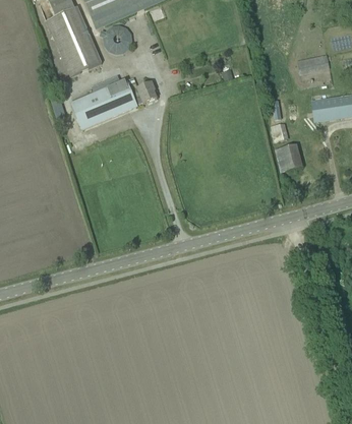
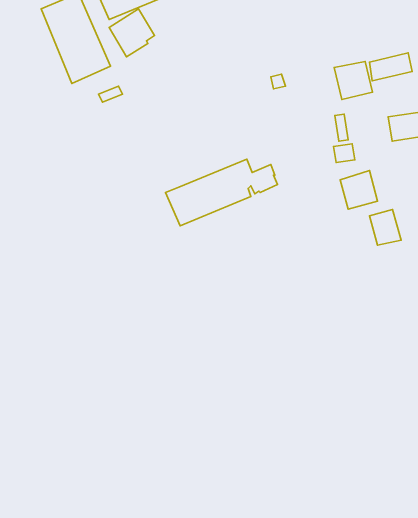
building: none -> [334,62,372,99]
building: [70,77,156,128] -> [165,159,277,226]
building: none -> [370,210,401,245]

